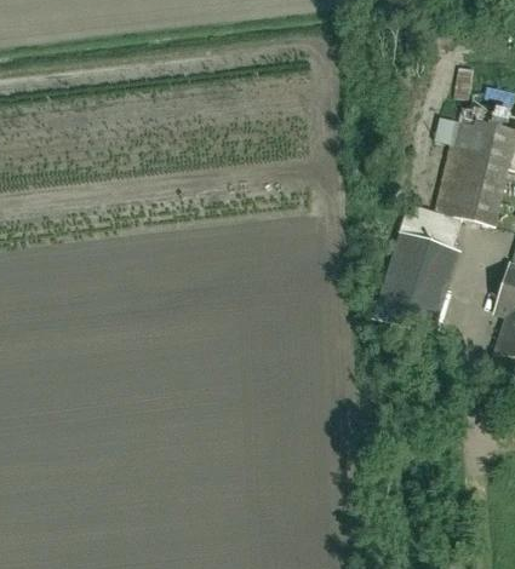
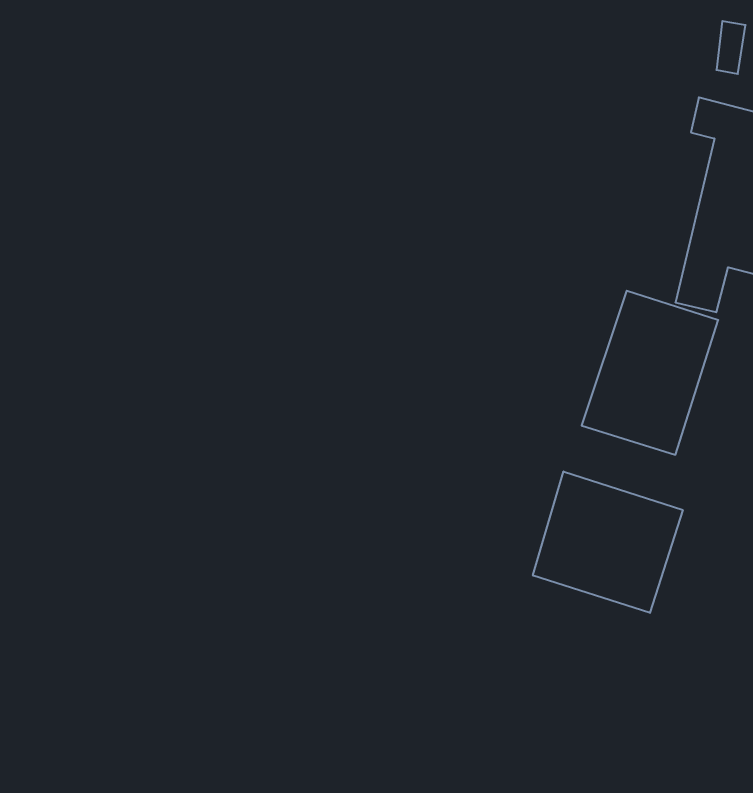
building: none -> [533,471,683,613]

